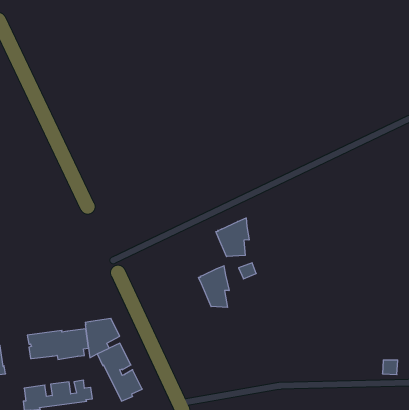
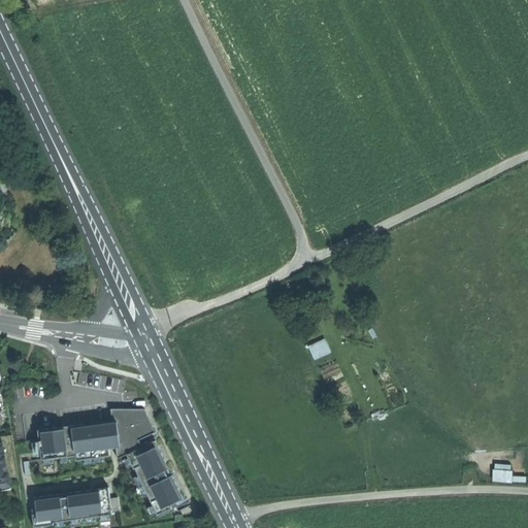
building: [216,218,249,257] -> none
building: [199,266,229,307] -> none

